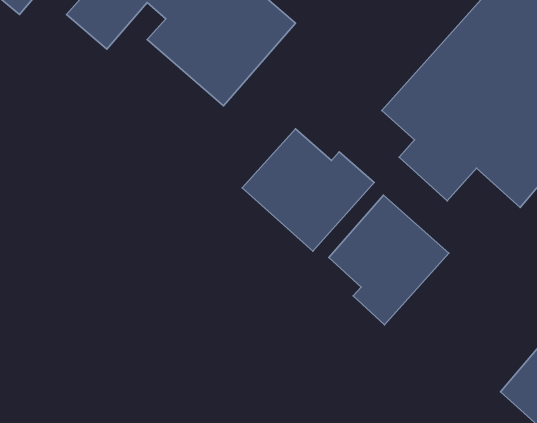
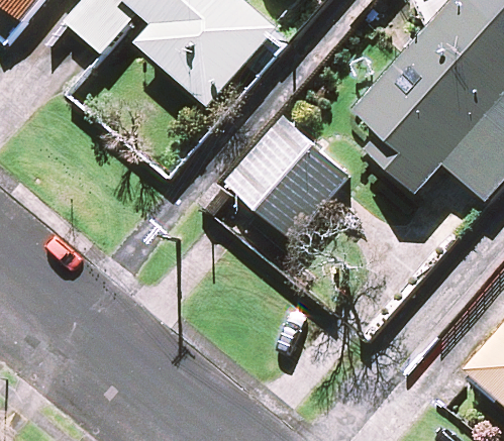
building: [329,195,449,325] -> none

